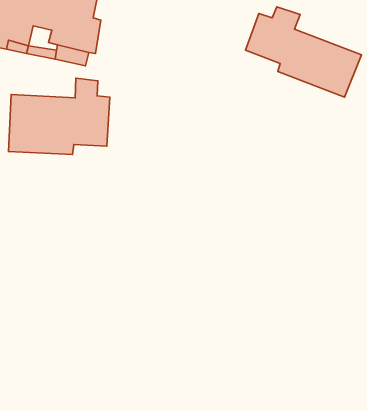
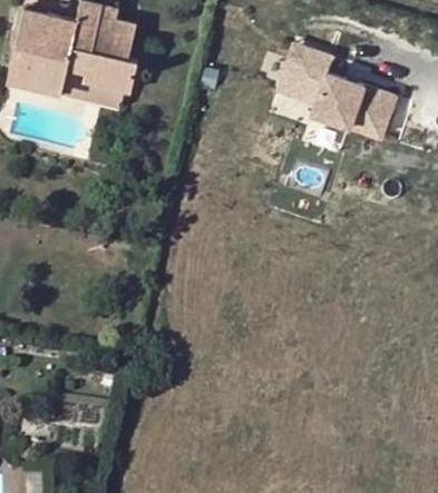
building: [9,78,110,155] -> none

